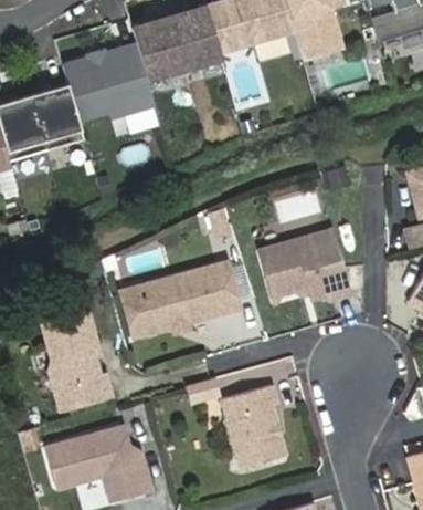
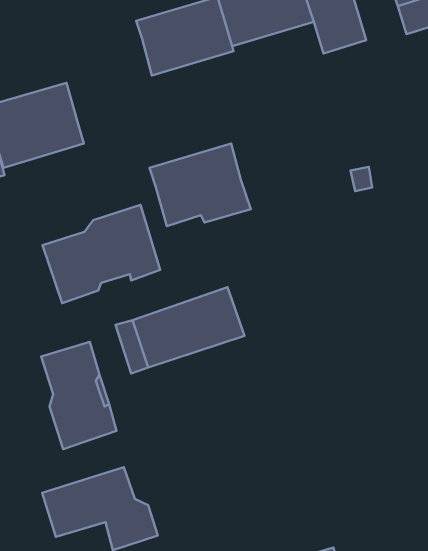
building: [65,42,157,117] -> [150,143,251,226]
building: none -> [42,205,160,303]
building: [251,231,341,300] -> none
building: [222,385,288,468] -> none

